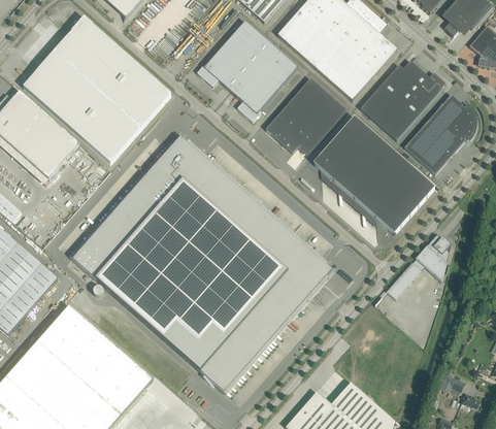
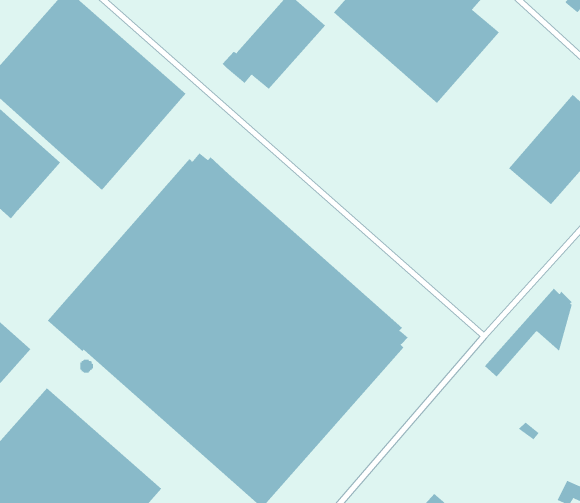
building: [230,43,297,121] -> none
building: [360,60,444,139] -> none
building: [265,77,345,152] -> none
building: [312,116,434,233] -> none

